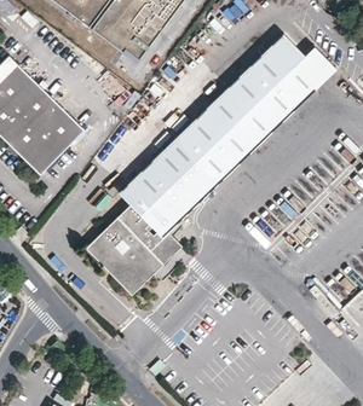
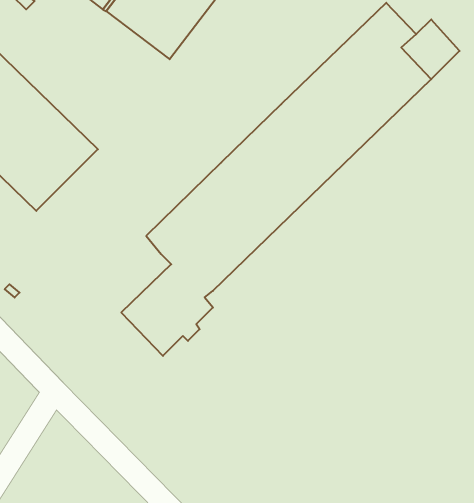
building: [85,205,180,295] -> none

